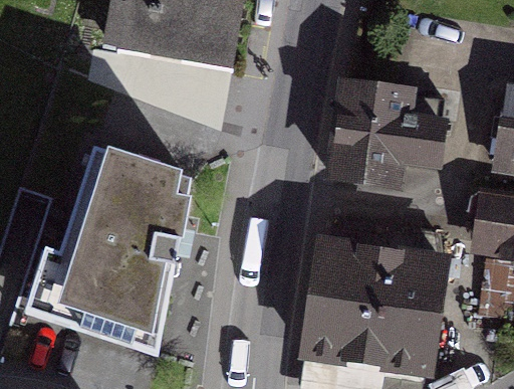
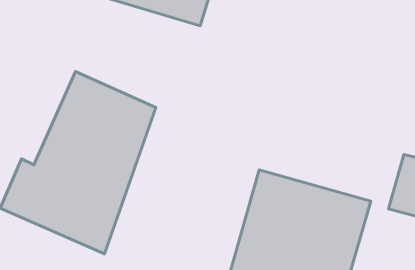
building: [327,74,454,190] -> none

